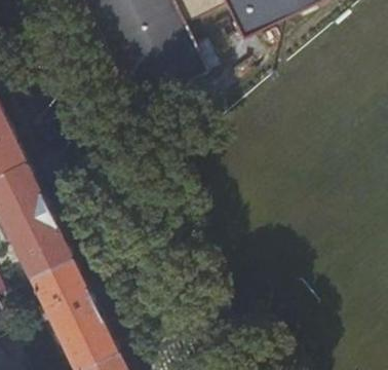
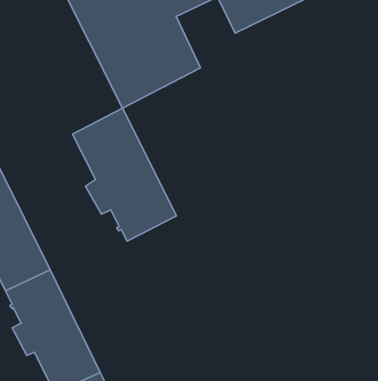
building: none -> [72,108,176,241]

